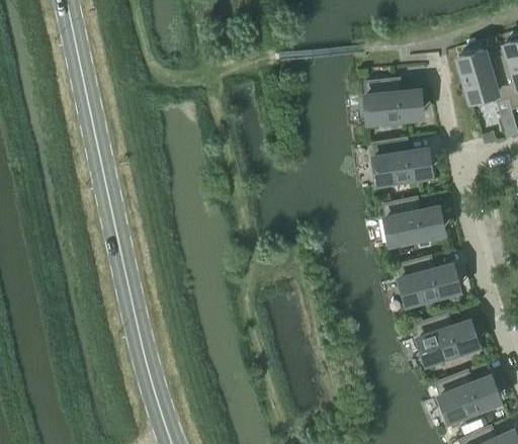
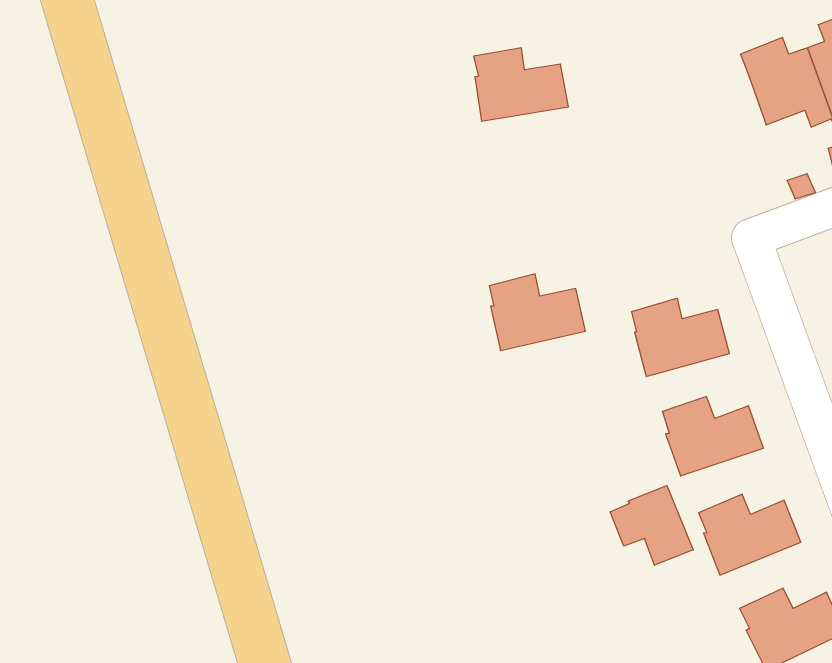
building: [368,83,422,124] -> [474,48,569,121]
building: [376,143,431,186] -> [489,274,586,351]
building: none -> [610,486,693,565]

